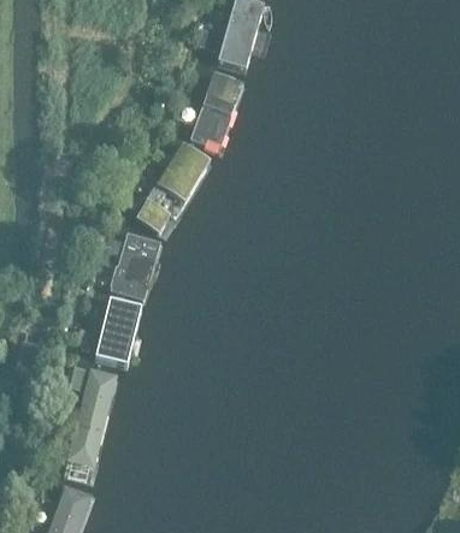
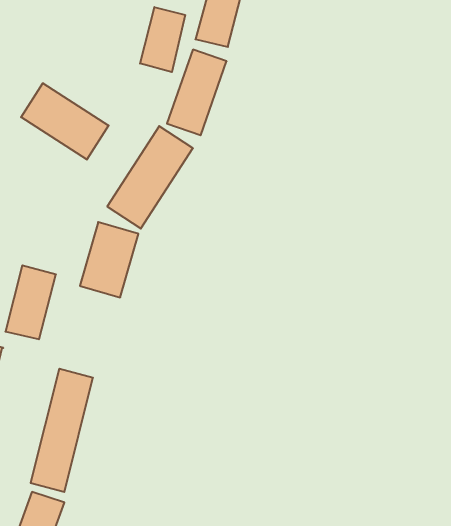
building: none -> [140,7,185,72]
building: none -> [21,83,109,160]
building: [93,297,140,366] -> [5,265,56,339]

